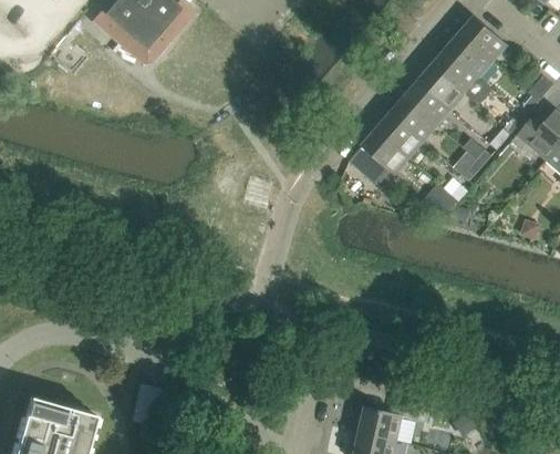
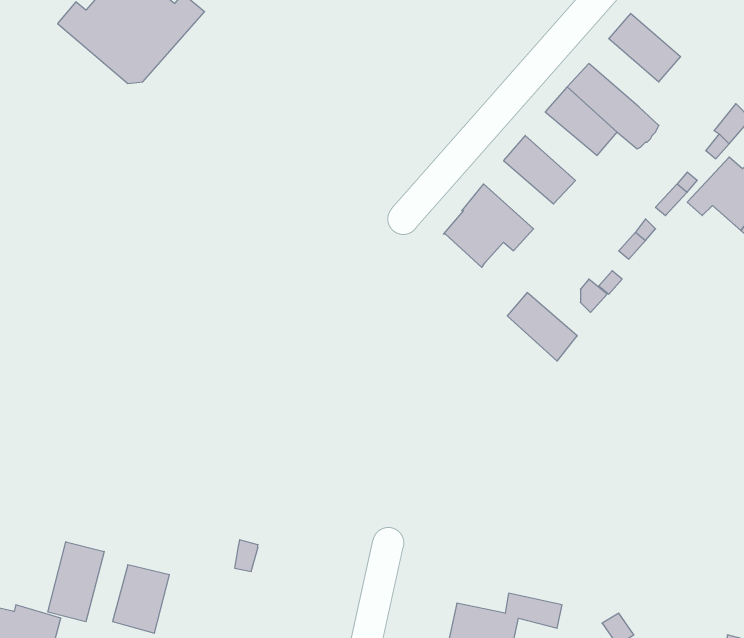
building: [447,31,494,76] -> none
building: [405,80,453,125] -> none
building: [377,112,424,157] -> [507,293,577,361]
building: none -> [48,542,104,622]

